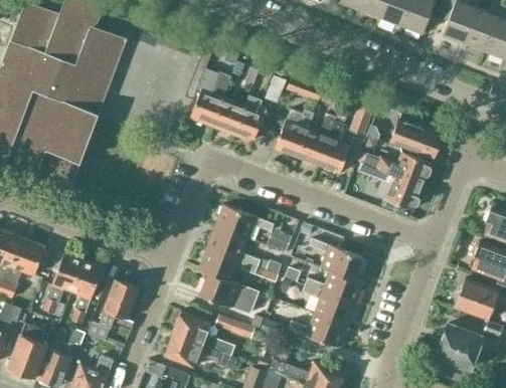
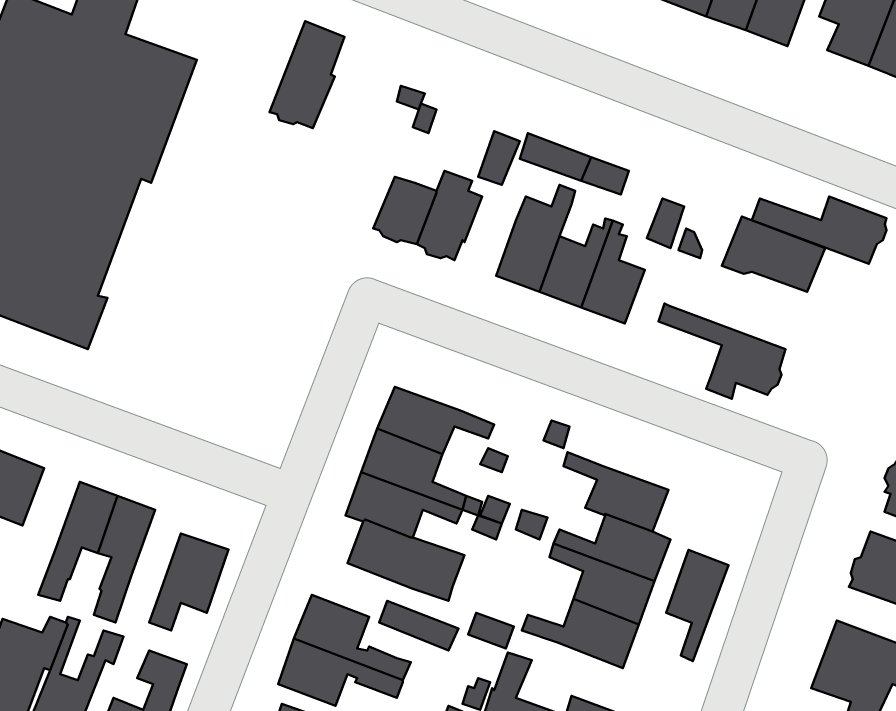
building: [190,70,228,125] -> [269,21,345,128]
building: [362,152,431,186] -> [752,197,887,264]
building: none -> [666,550,728,661]

